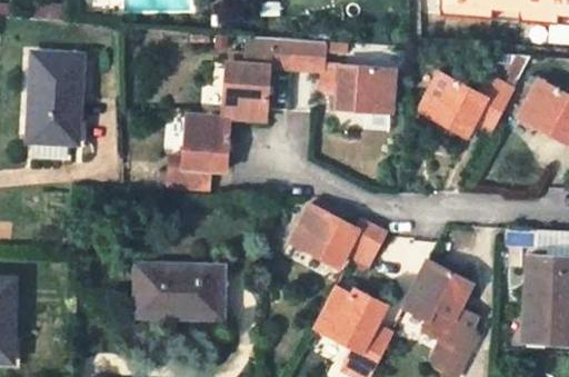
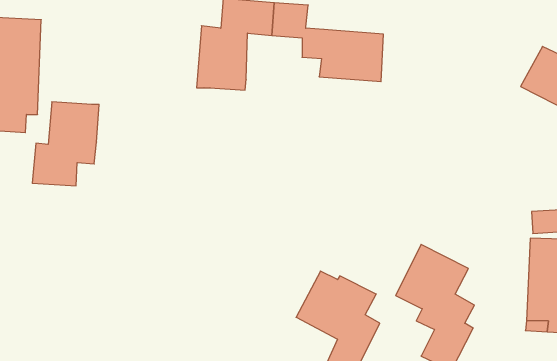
building: [419,72,515,136] -> none
building: [169,116,230,192] -> [32,102,99,186]
building: [291,206,387,267] -> none
building: [138,266,221,318] -> none

